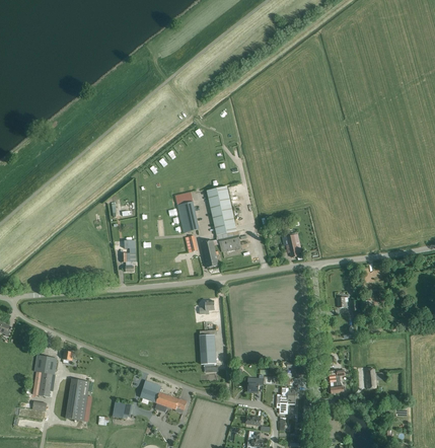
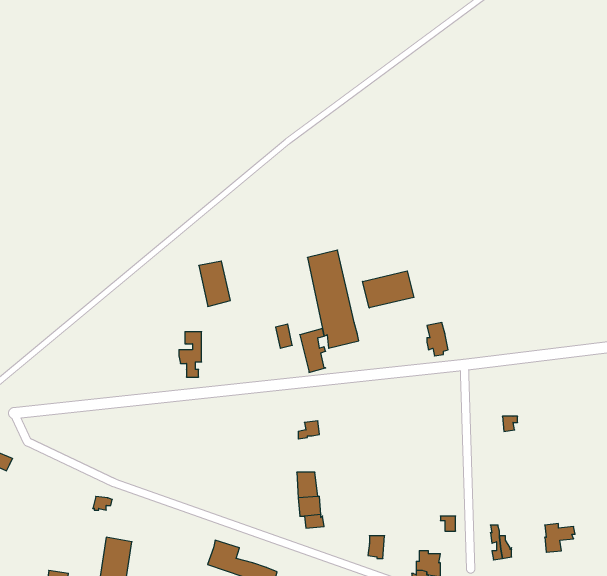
building: none -> [363,271,414,308]
building: [177,202,199,232] -> [199,261,230,306]
building: [32,355,57,396] -> none

